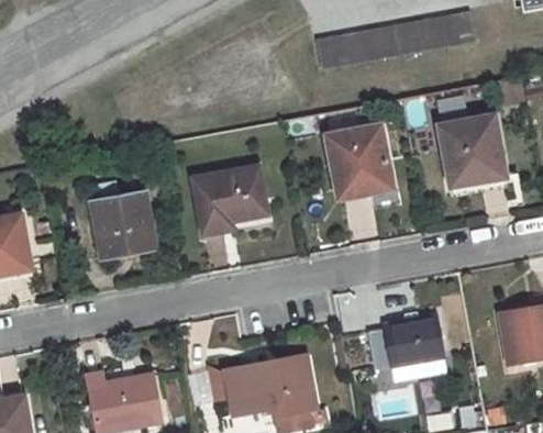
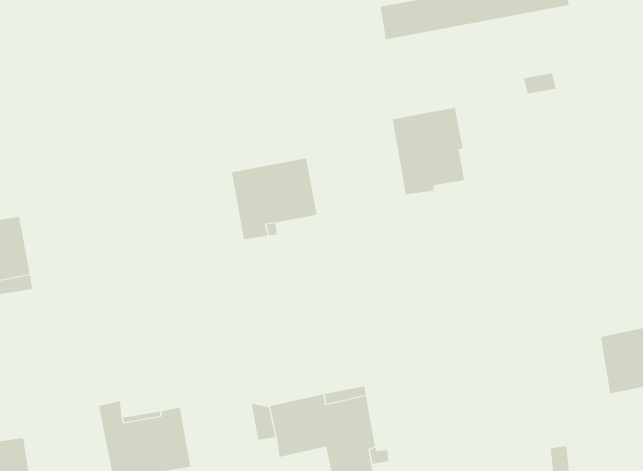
building: [440,116,505,182] -> none
building: [91,195,154,258] -> none
building: [367,315,445,369] -> none

